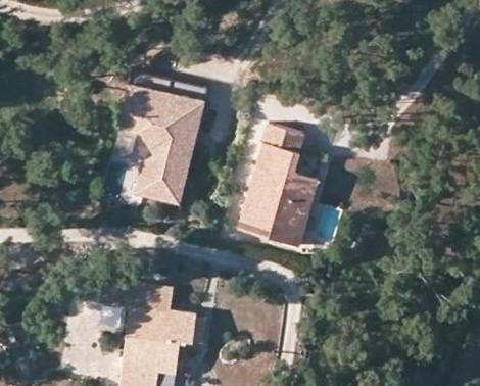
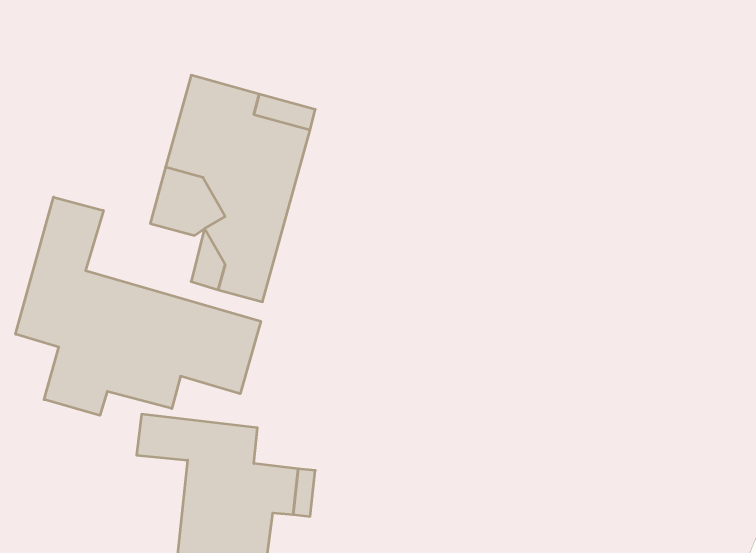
building: [240,122,320,244] -> none
building: none -> [16,197,261,415]

